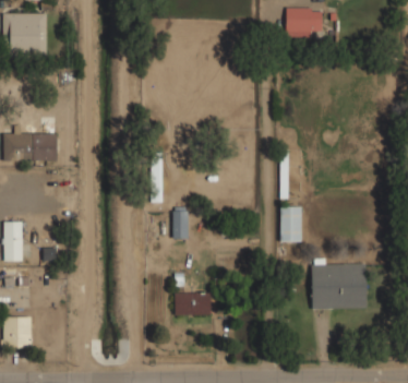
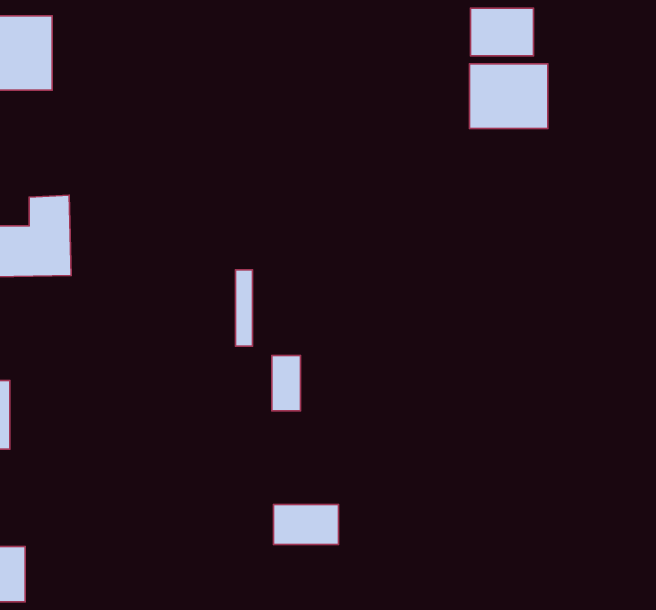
building: none -> [469,64,548,129]
building: [280,206,301,242] -> none
building: [311,262,367,310] -> none

